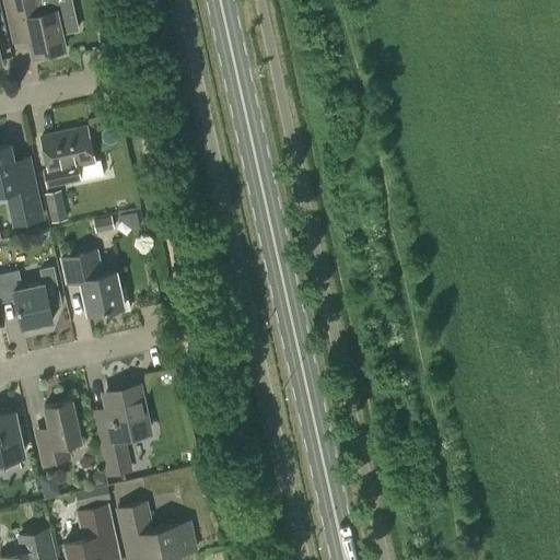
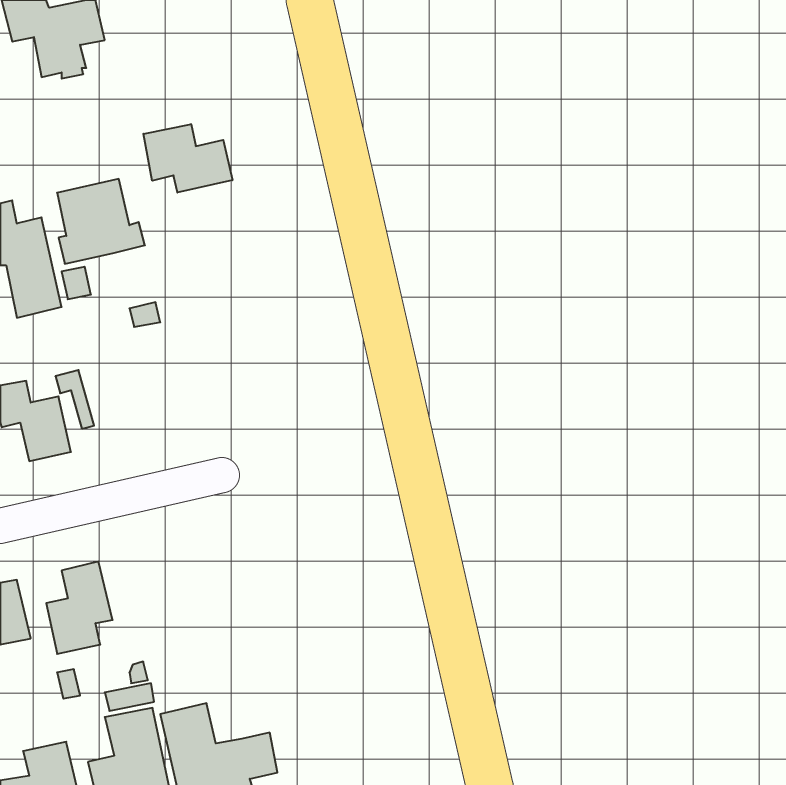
building: none -> [143,124,232,193]
building: [60,249,131,316] -> none
building: [93,386,145,478] -> none

